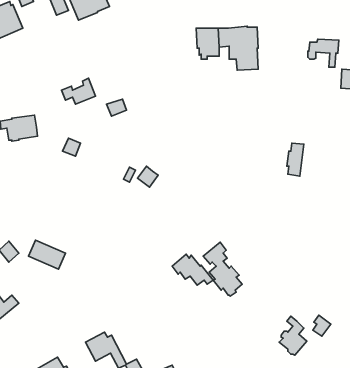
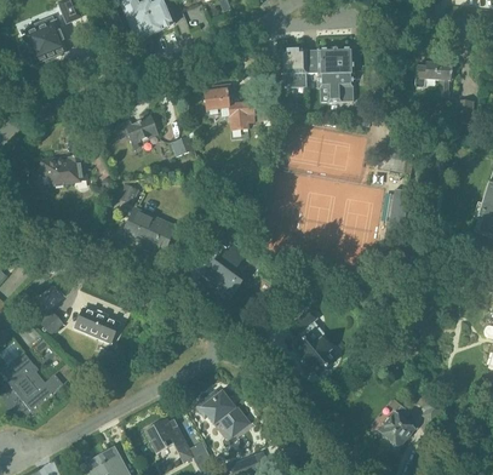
building: none -> [203,82,256,130]
building: none -> [122,206,177,253]
building: none -> [202,241,246,293]
building: [172,254,213,285] -> [197,390,247,428]

